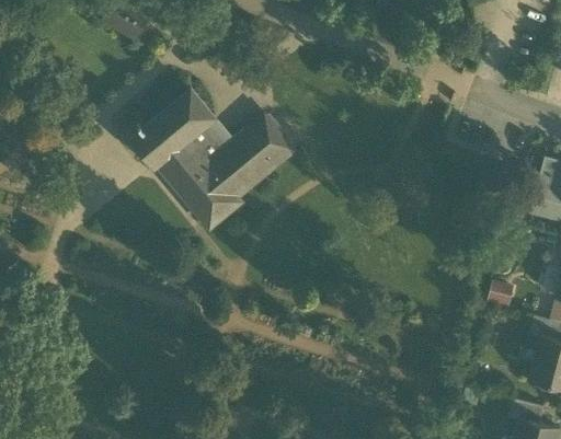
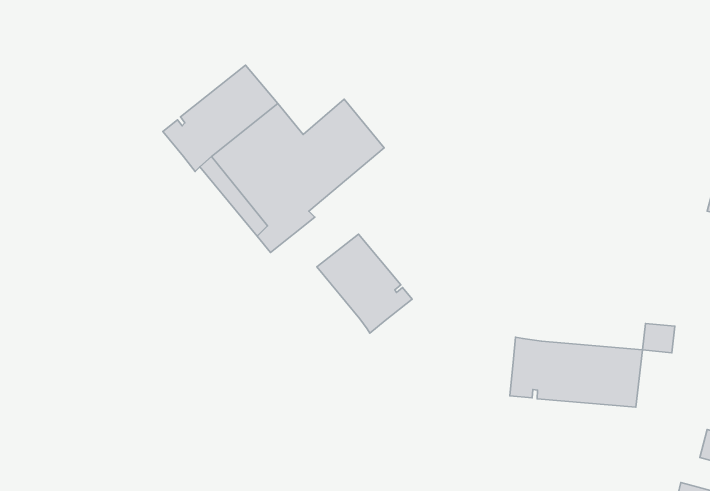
building: none -> [317,234,412,333]
building: none -> [510,337,642,407]

